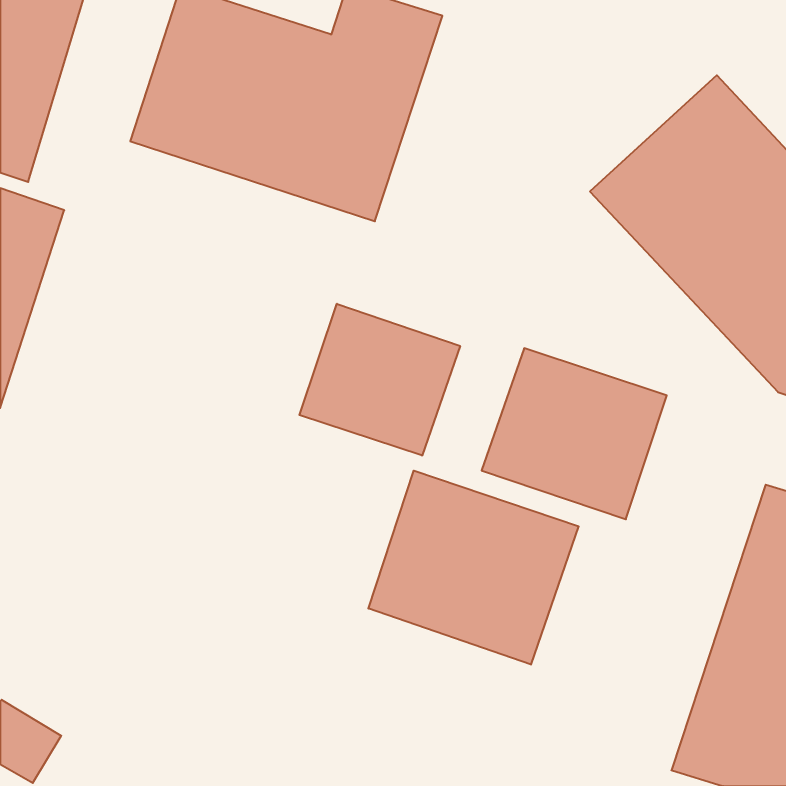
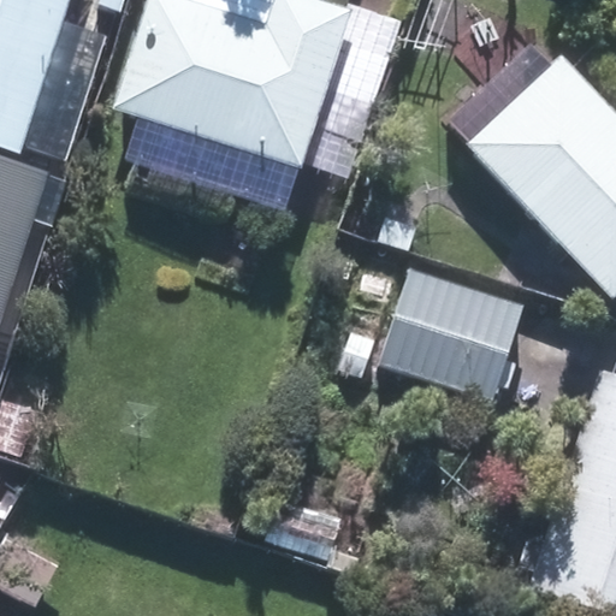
building: [299,304,460,456] -> none
building: [368,471,579,665] -> none

